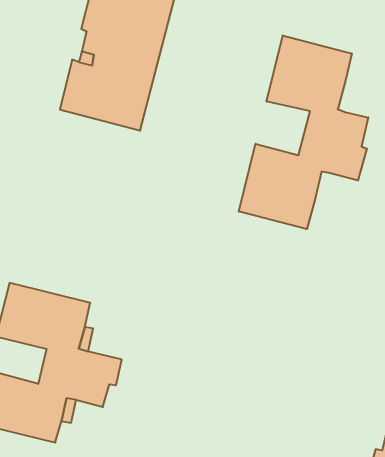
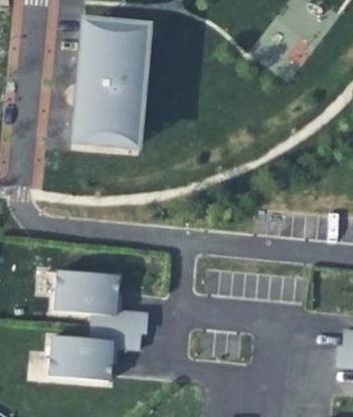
building: [239,35,368,229] -> none

